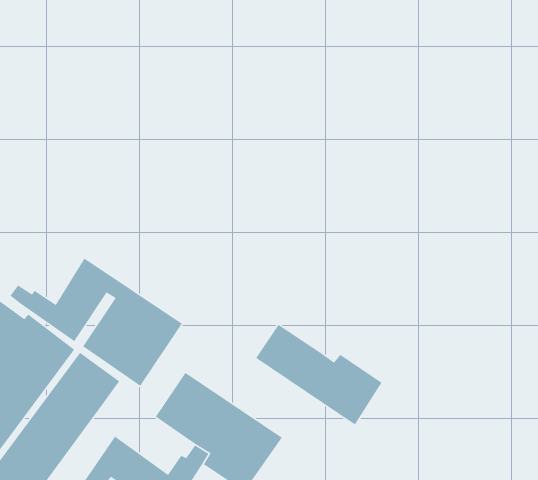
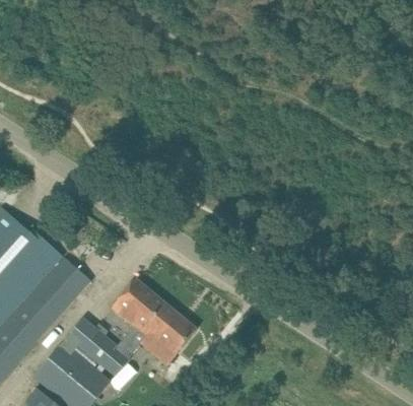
building: [9,257,183,387] -> none
building: [255,324,382,425] -> none

